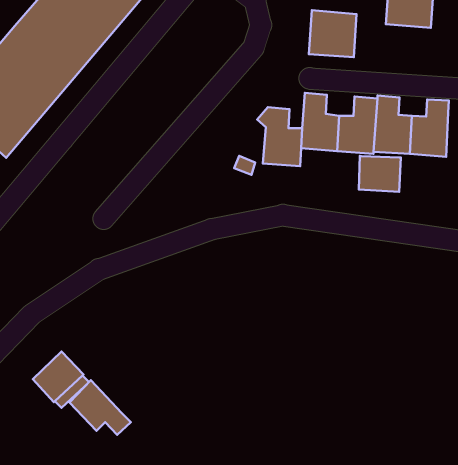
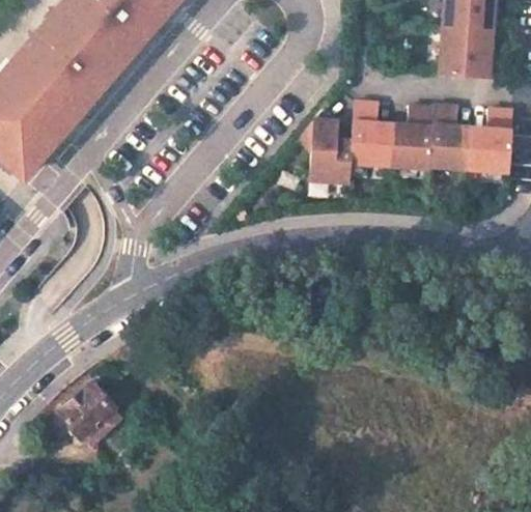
building: [309,10,357,57] -> [441,27,493,78]
building: [359,156,401,192] -> none
building: [69,380,131,435] -> none

